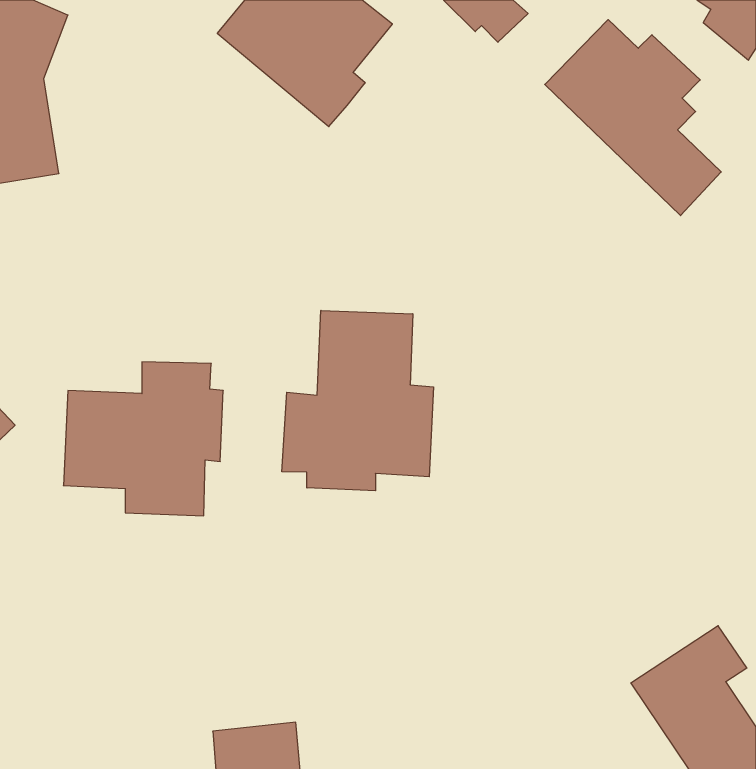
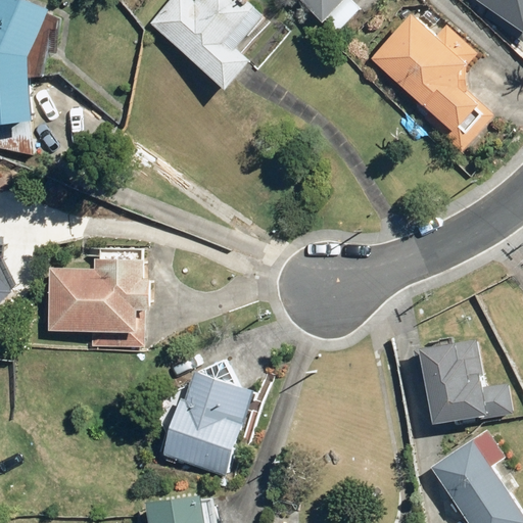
building: [282,310,433,491] -> none
building: none -> [419,333,507,421]
building: none -> [165,371,255,476]

